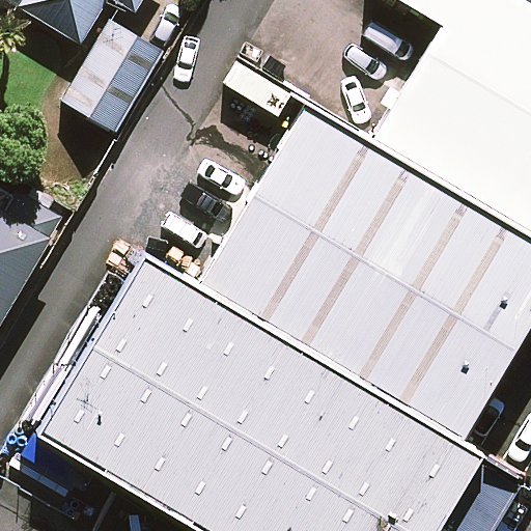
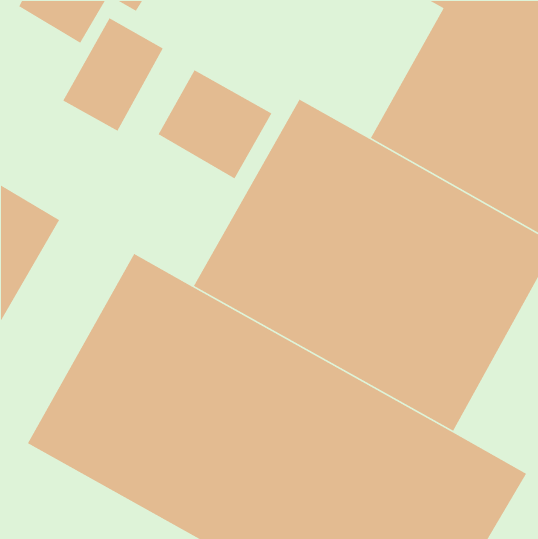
building: none -> [157,69,273,180]

